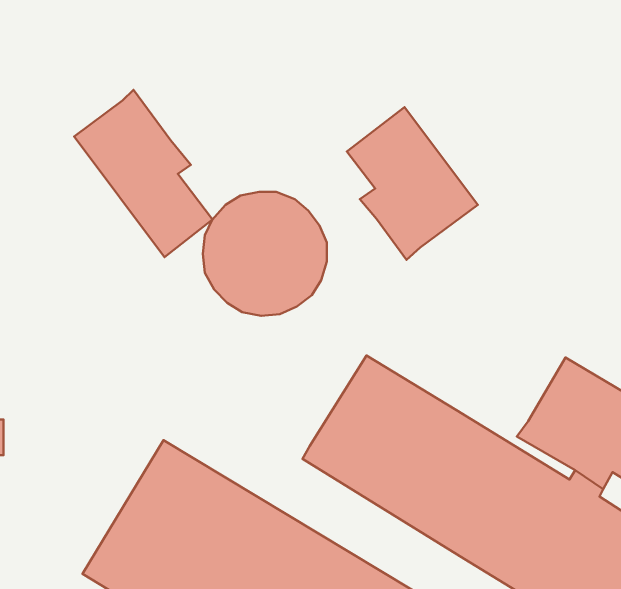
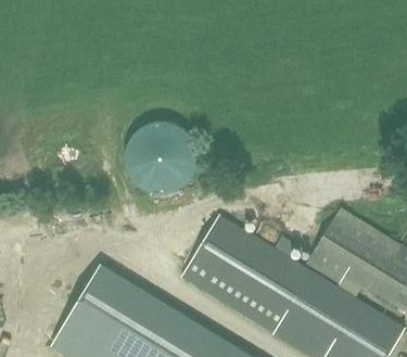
building: [74,90,213,257] -> none
building: [347,107,478,260] -> none

